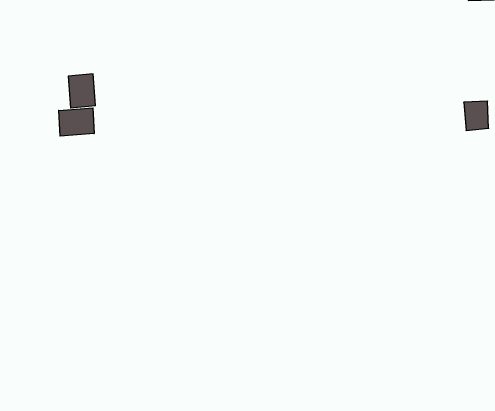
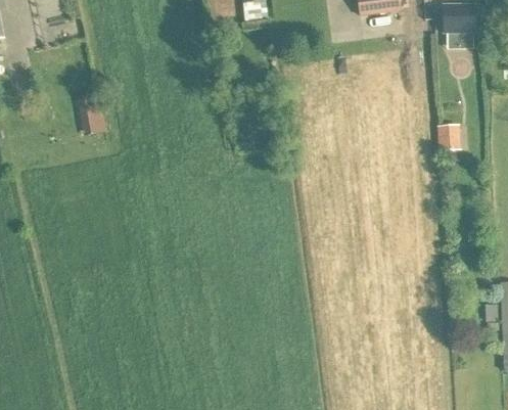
building: [59,108,94,136] -> none

